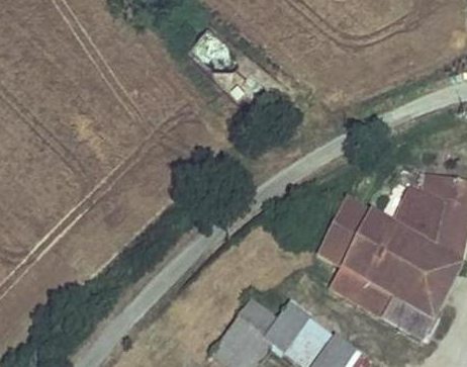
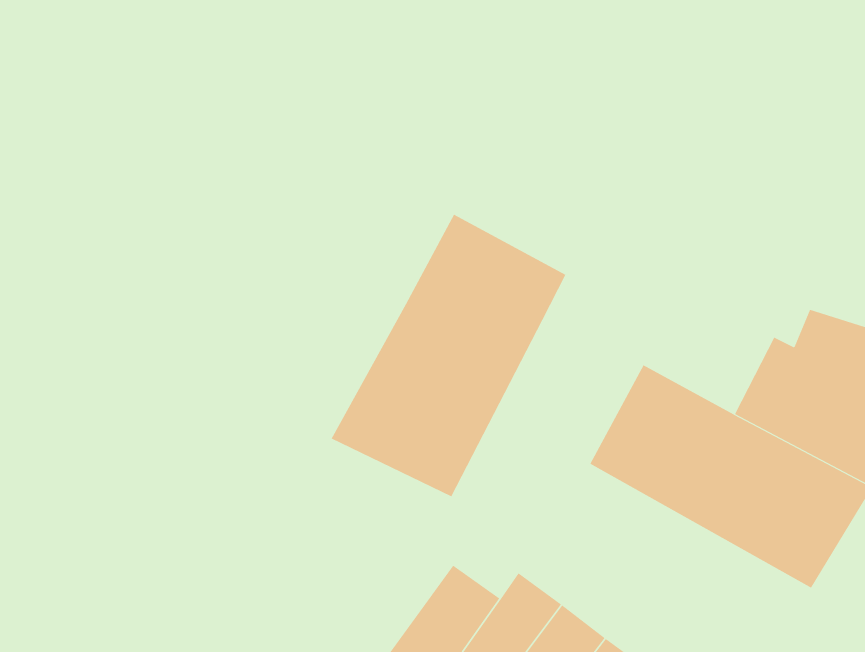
building: none -> [331,214,566,497]
building: [331,262,433,335] -> none

